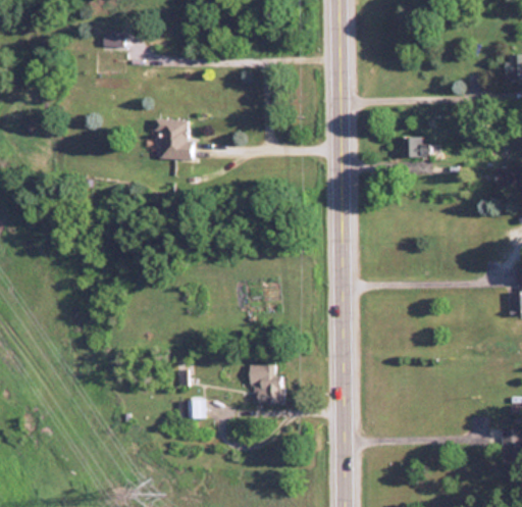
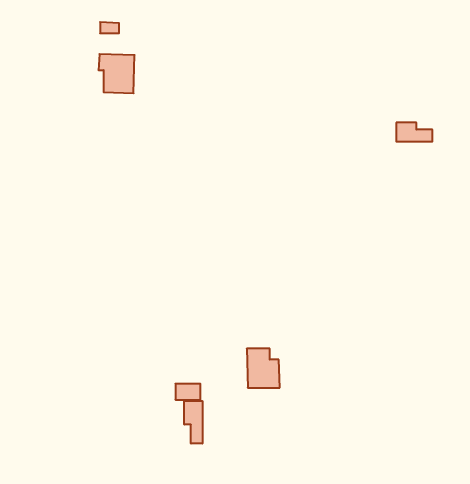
building: [155,119,192,159] -> [98,54,135,93]
building: none -> [184,401,202,444]

